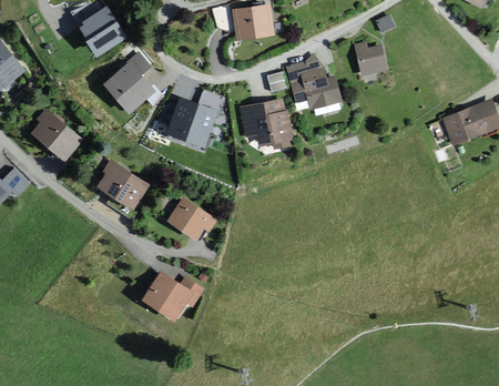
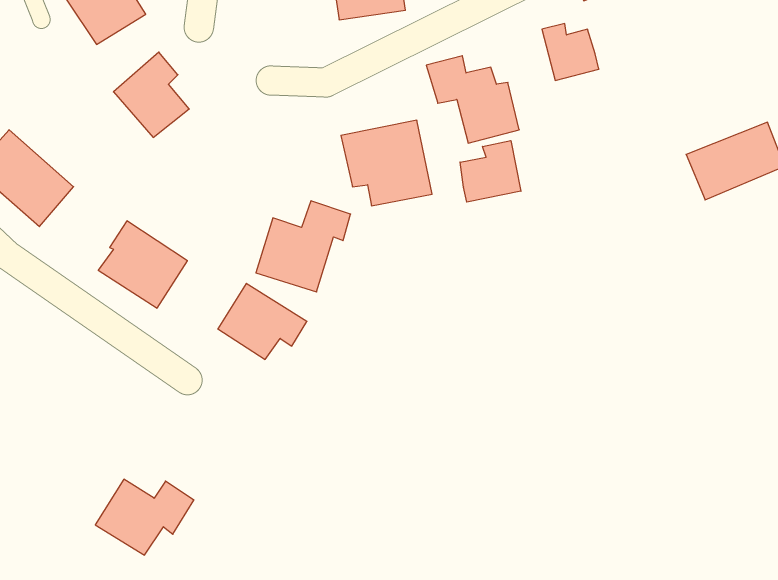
building: [169,94,224,148] -> [256,201,351,292]
building: none -> [460,141,521,202]
building: [143,274,201,318] -> [95,479,194,555]

